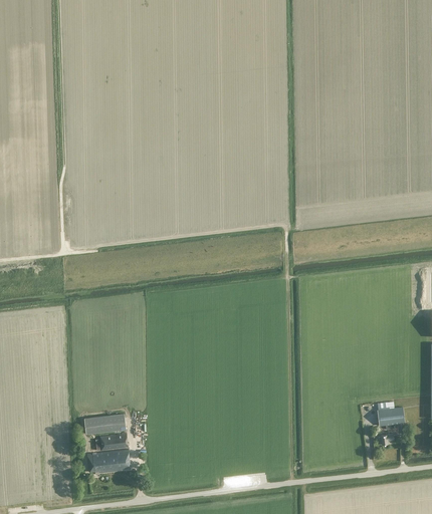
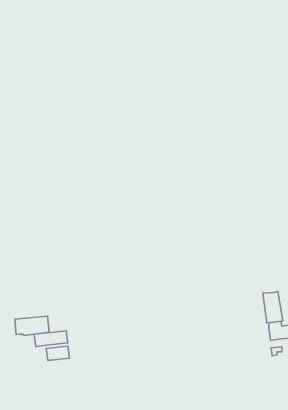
building: none -> [263,291,283,323]
building: [86,449,130,473] -> [15,316,49,335]

